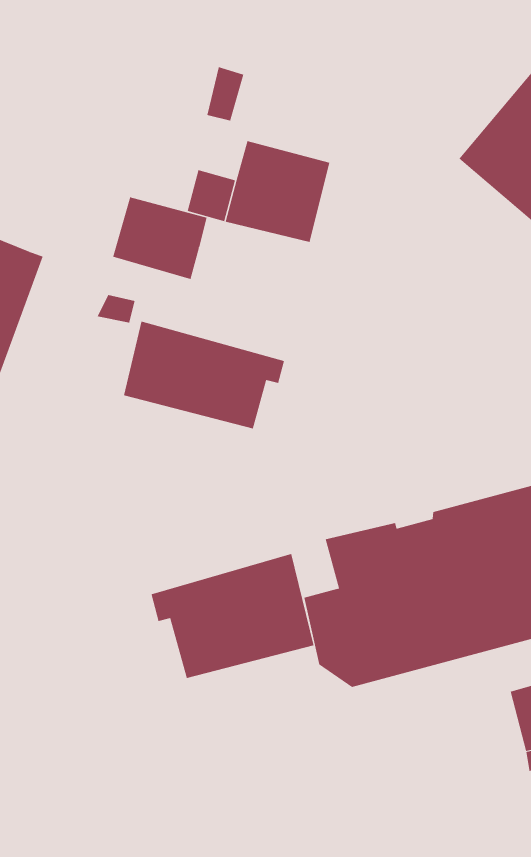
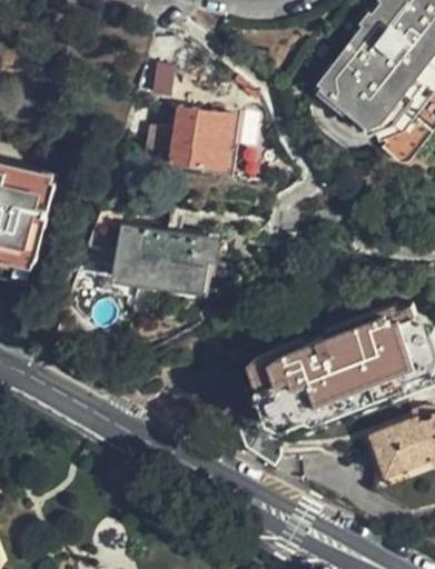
building: [113,197,207,280] -> none
building: [151,553,314,679] -> none

